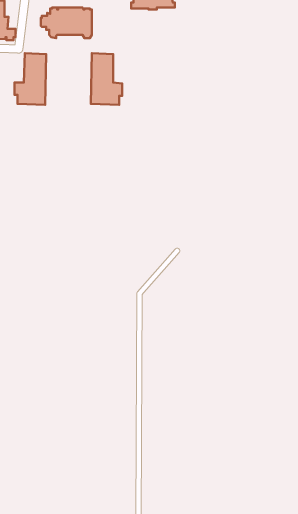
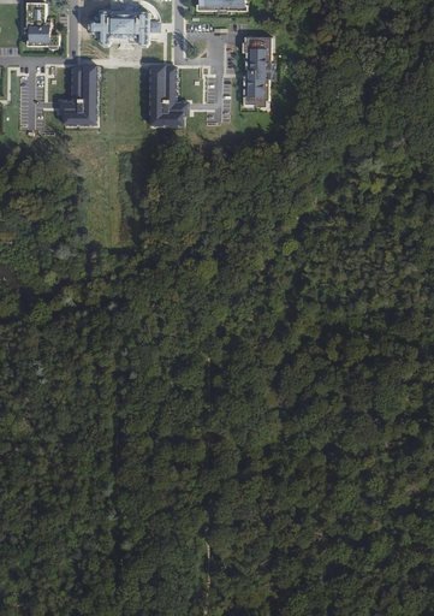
building: none -> [240,36,269,108]

